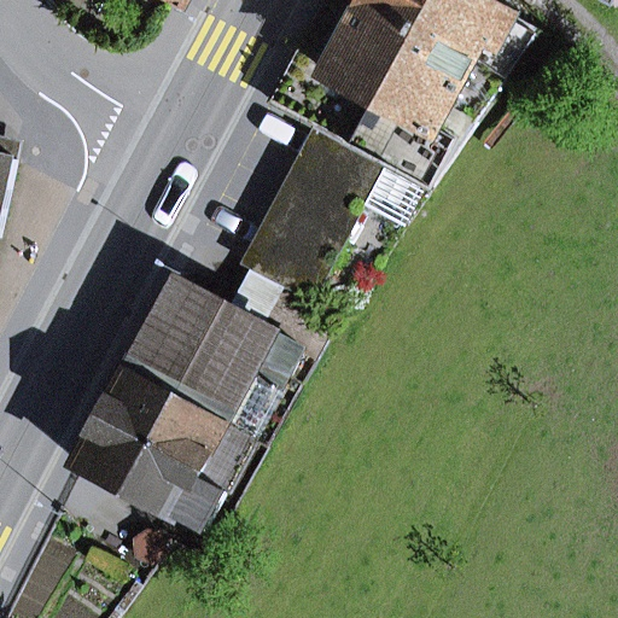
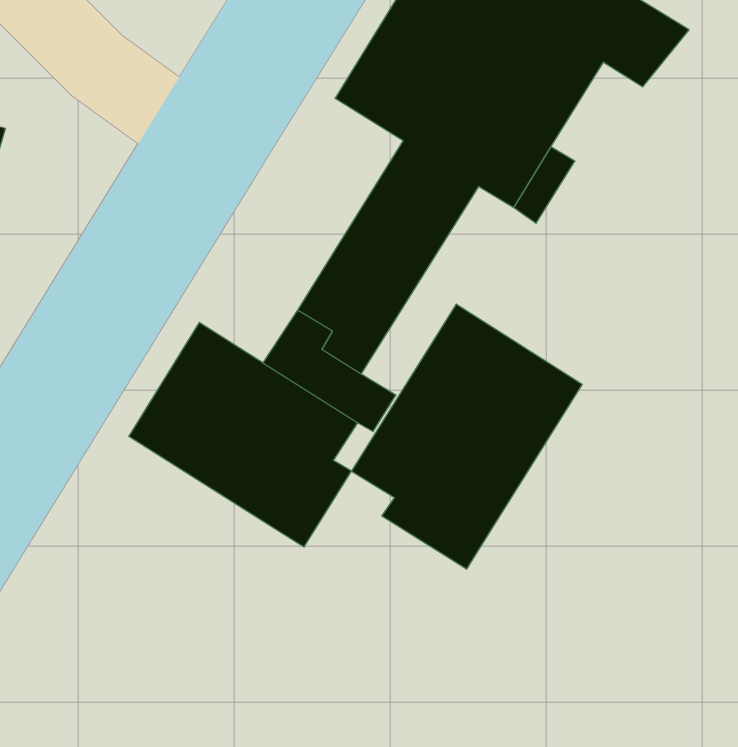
building: none -> [351,304,582,569]
building: [71,366,250,527] -> none

